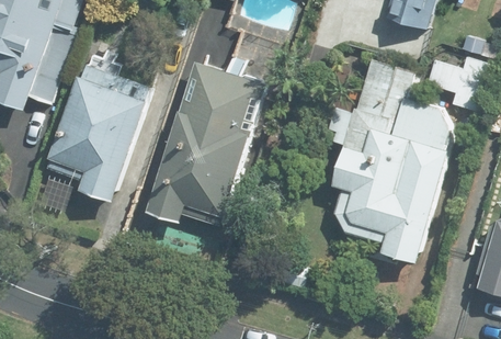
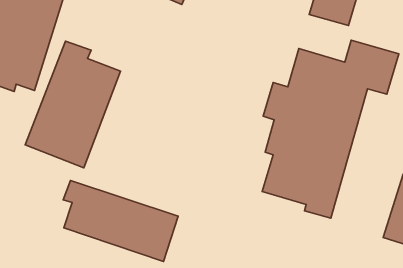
building: [147,59,272,226] -> none
building: none -> [63,181,178,261]

